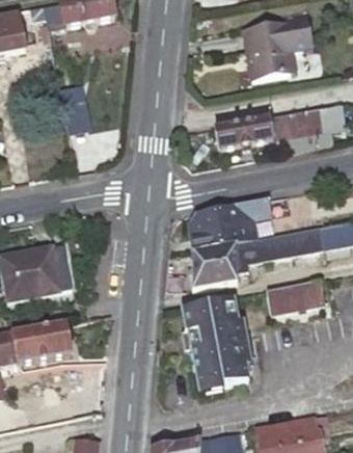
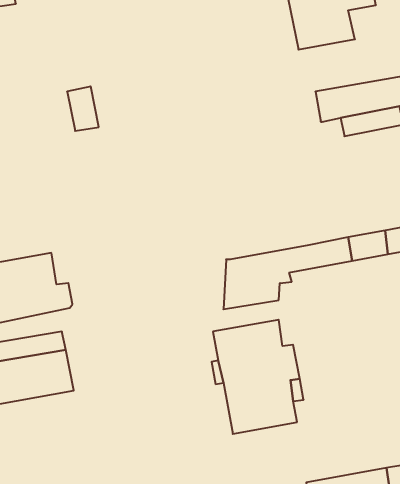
building: [215,117,268,151] -> none
building: [191,198,273,250] -> none
building: [266,283,324,316] -> none

